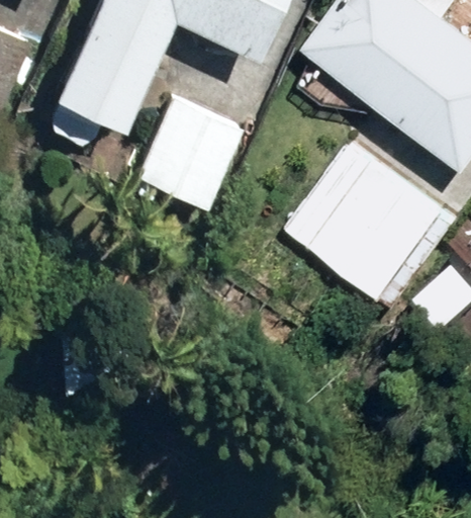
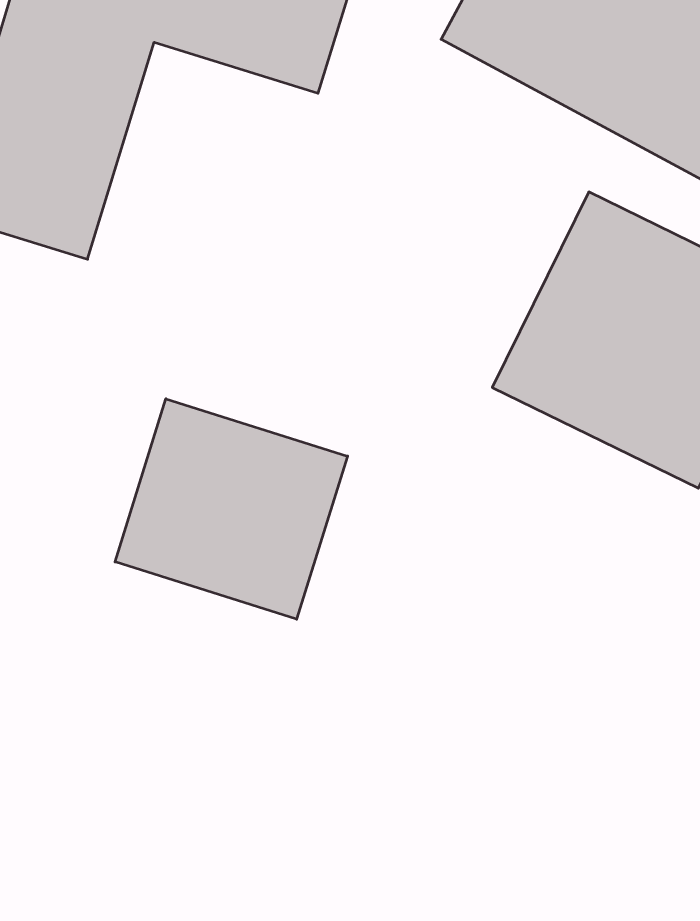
building: [134,94,242,209] -> none
building: none -> [115,399,348,619]

